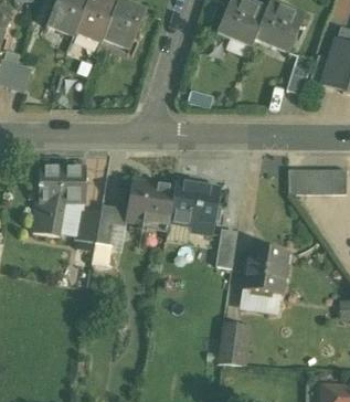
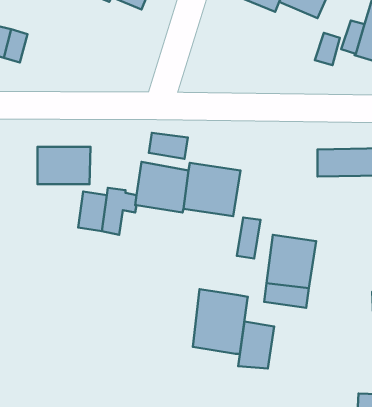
building: none -> [149,133,188,159]
building: [33,199,57,233] -> none
building: none -> [193,289,248,354]

